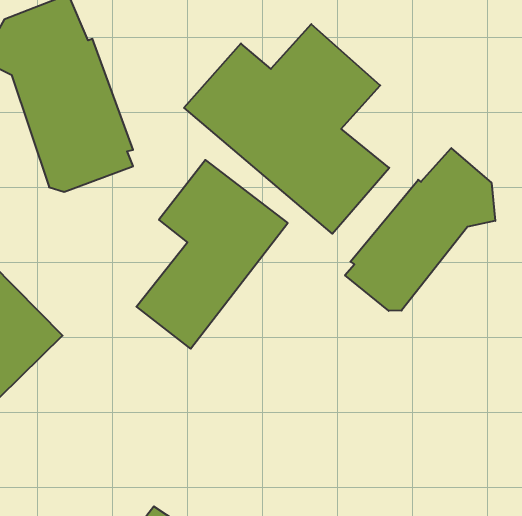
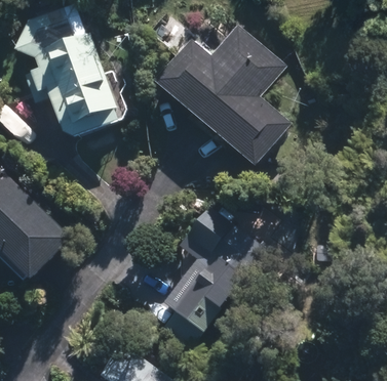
building: [345,148,495,311] -> none
building: [136,160,288,349] -> [162,205,266,334]

